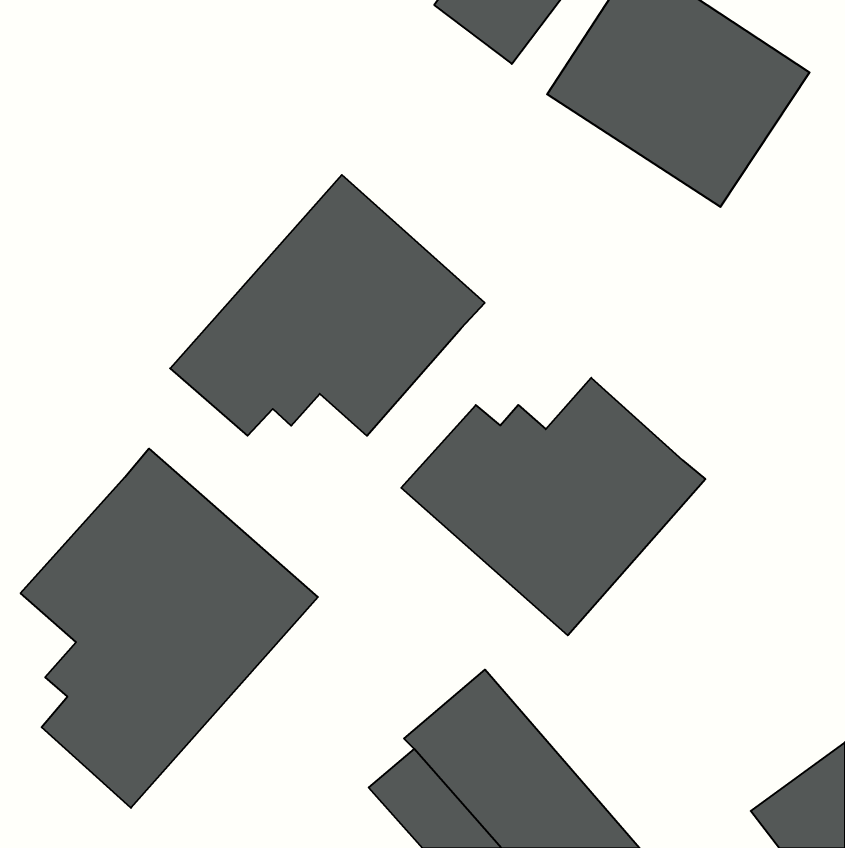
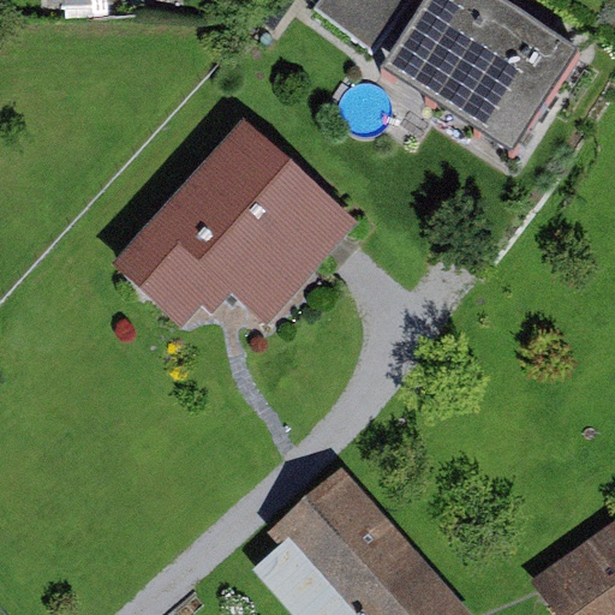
building: [401,378,705,635] -> none
building: [21,449,318,808] -> none

